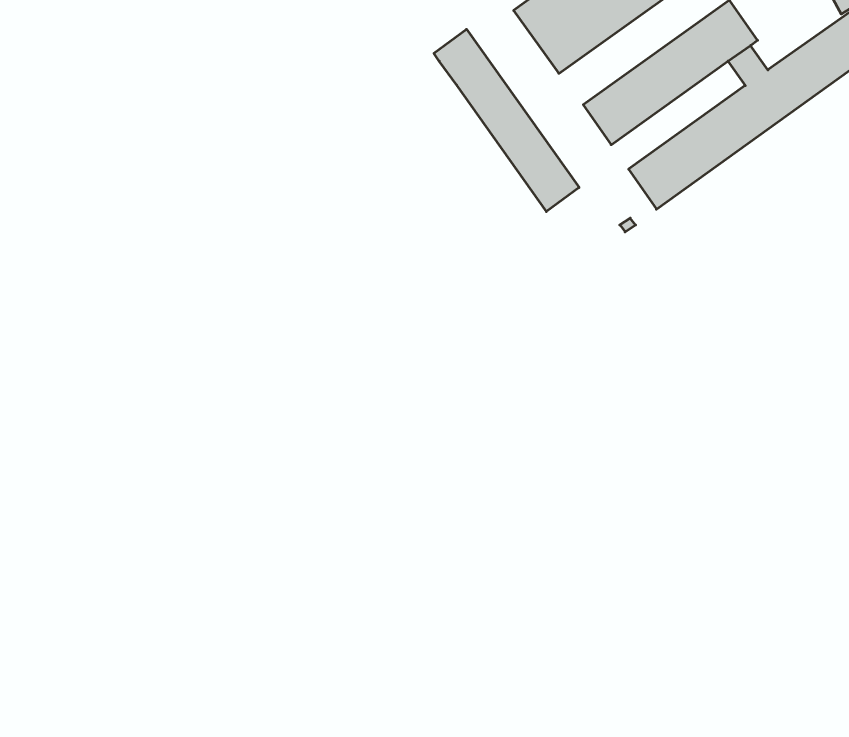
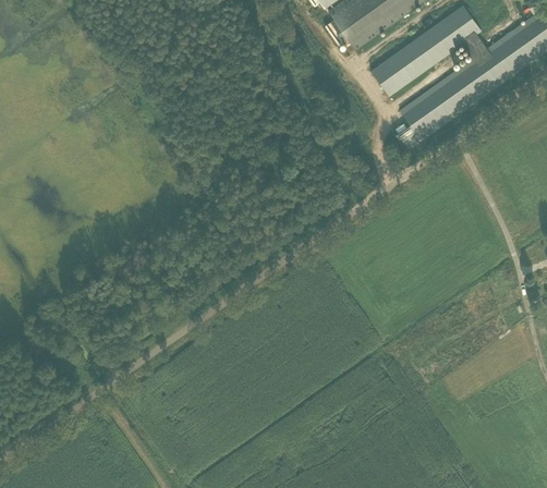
building: [434,29,579,212] -> none

